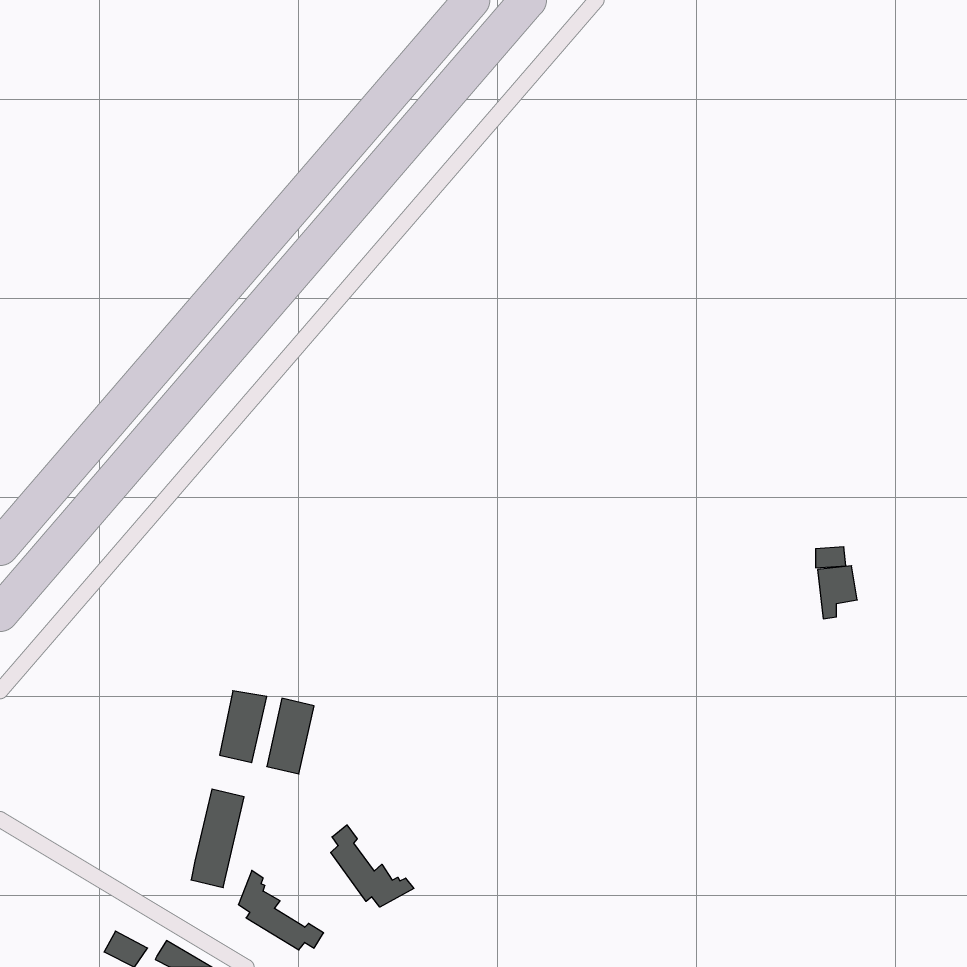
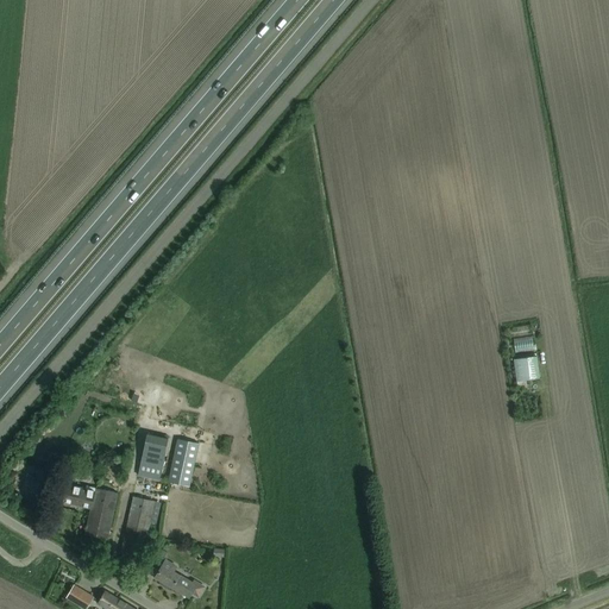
building: none -> [63,484,118,539]
building: [331,825,414,907] -> none

